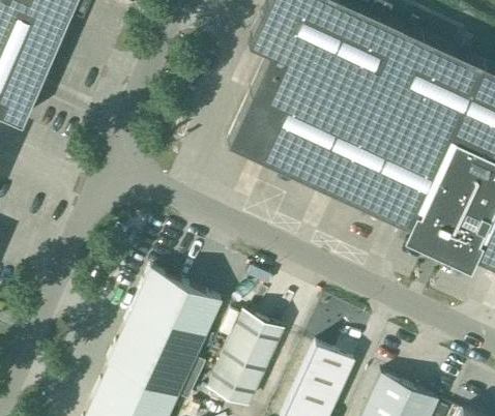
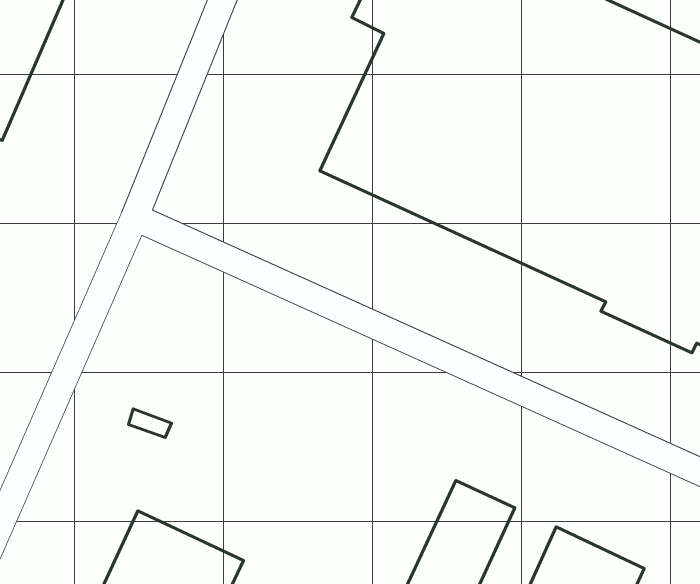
building: [106,271,220,398] -> none
building: [207,314,281,407] -> none

